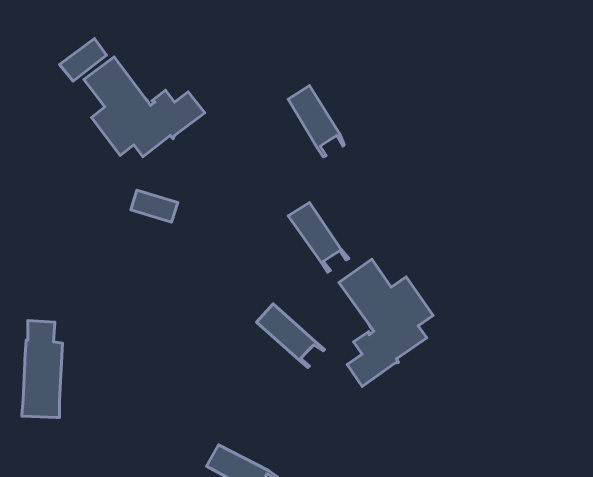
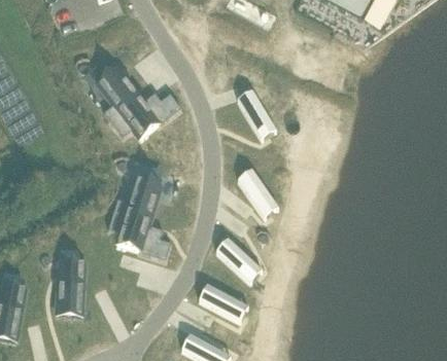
building: none -> [107,179,170,259]
building: [339,259,433,387] -> none
building: none -> [199,283,247,320]

